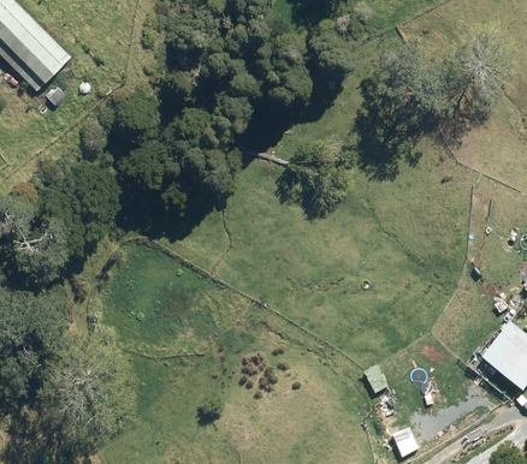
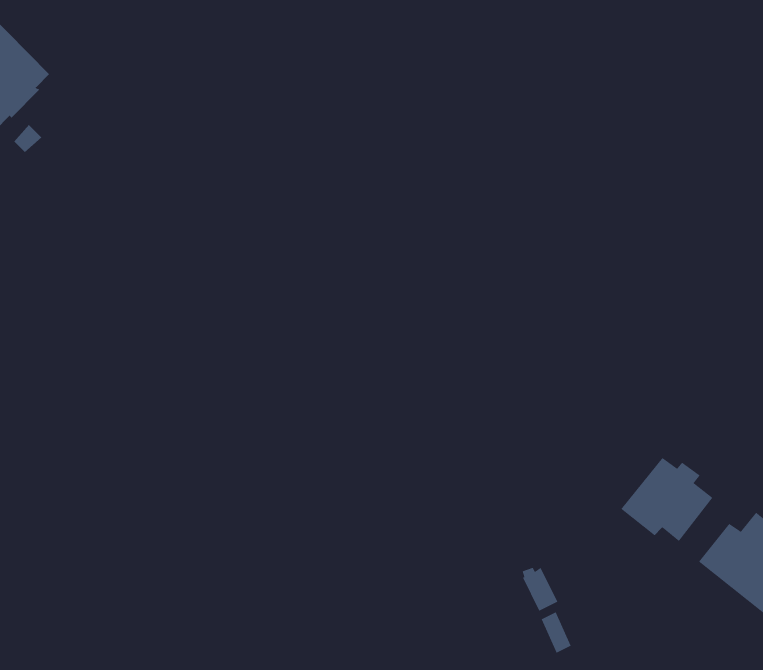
building: none -> [621,457,713,542]

